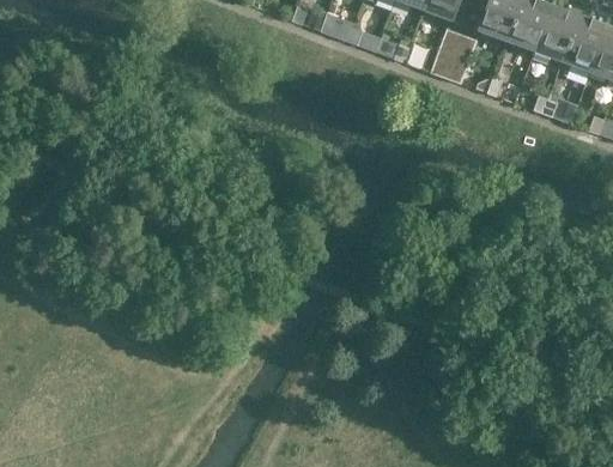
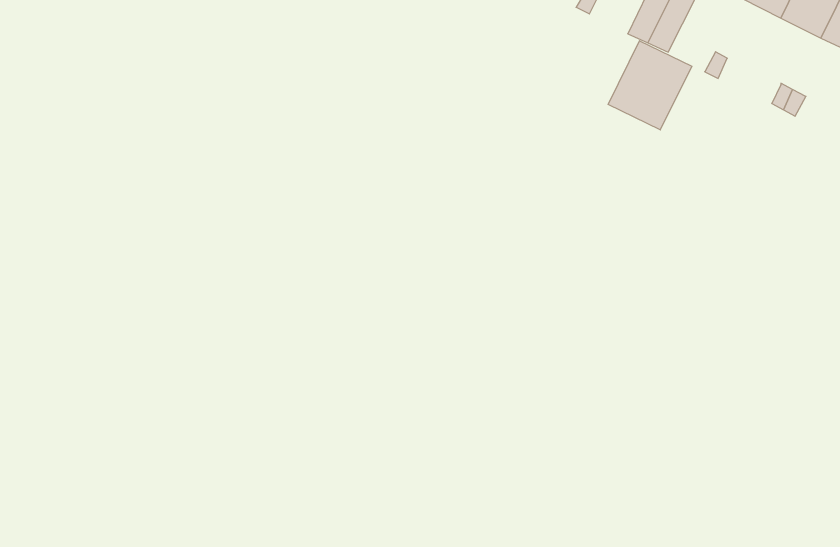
building: none -> [608,41,692,130]

